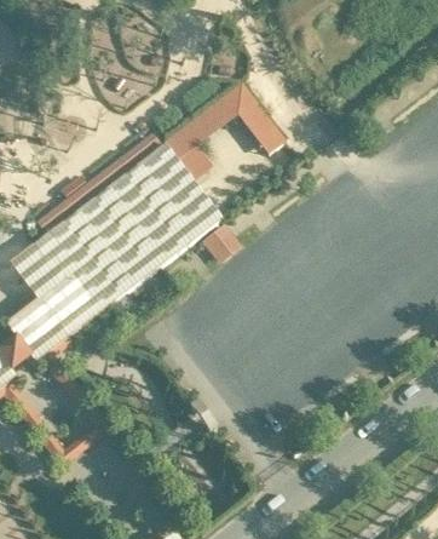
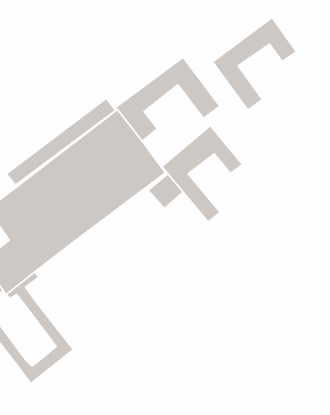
building: none -> [212,17,296,110]
building: none -> [162,125,243,222]

